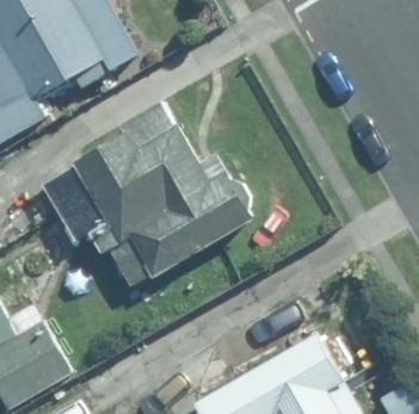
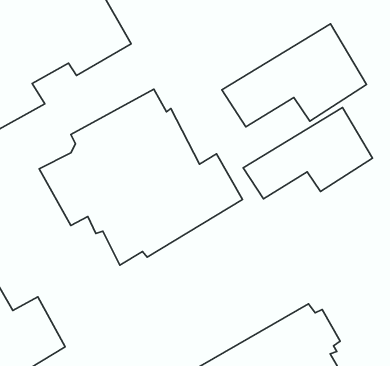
building: none -> [222,24,366,127]
building: none -> [243,107,373,199]

